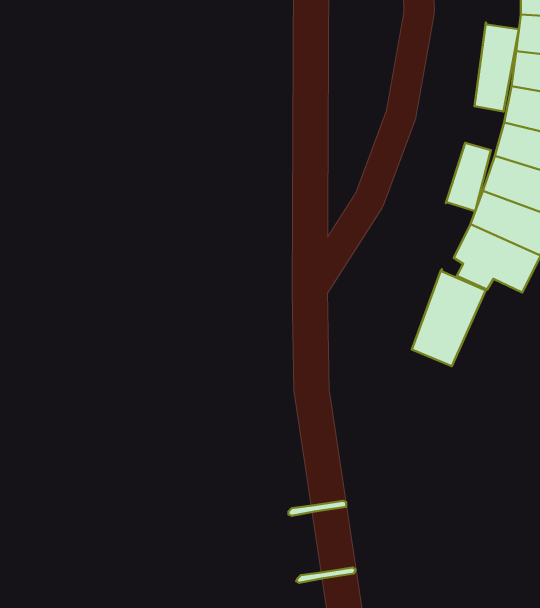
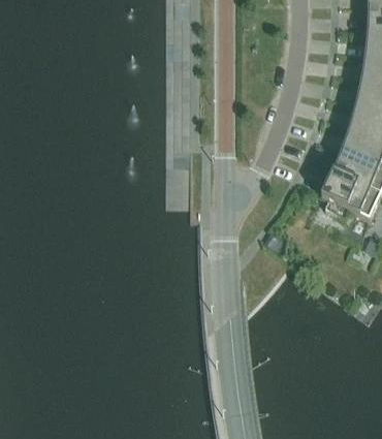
building: [475,23,519,111] -> none
building: [446,143,491,212] -> none
building: [412,269,486,366] -> none

